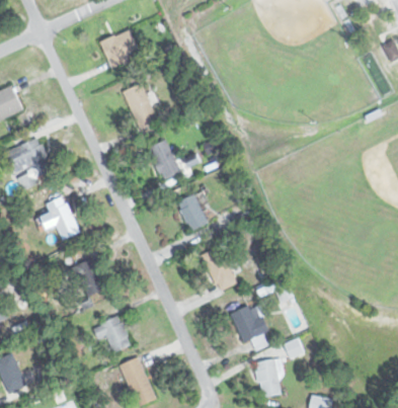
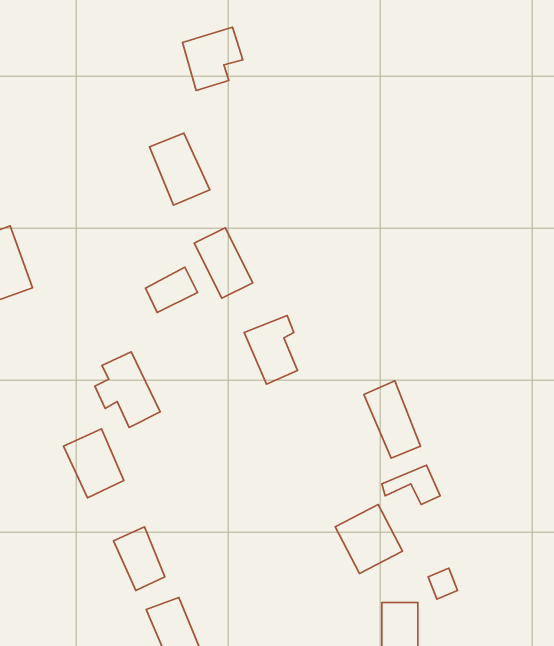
building: [101,31,137,69] -> [183,27,243,91]
building: none -> [146,267,198,313]
building: [41,196,79,241] -> [95,352,160,427]
building: [203,246,236,292] -> [364,381,421,458]

